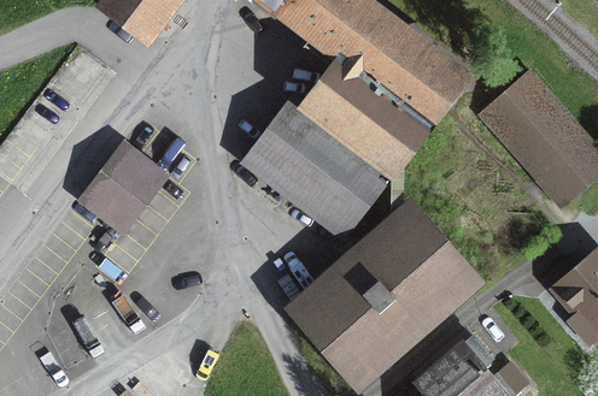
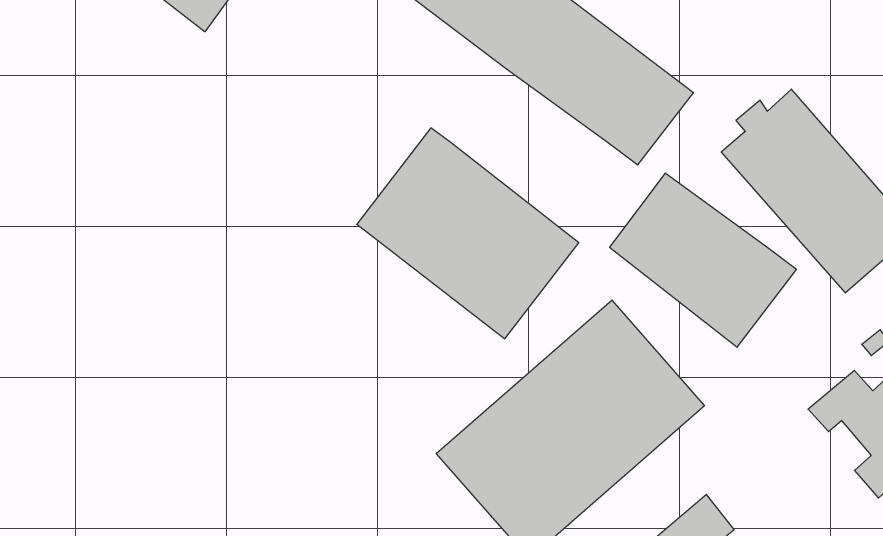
building: [305,59,427,172] -> [610,173,796,347]
building: [84,147,160,227] -> none

